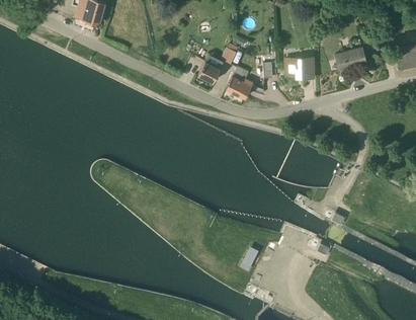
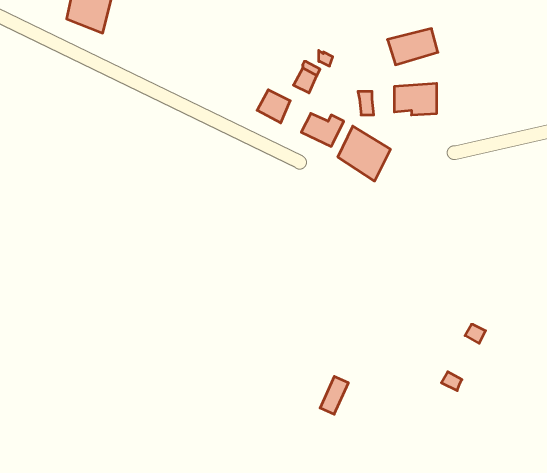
building: [334,48,366,71] -> [387,29,438,65]
building: none -> [338,126,390,181]

